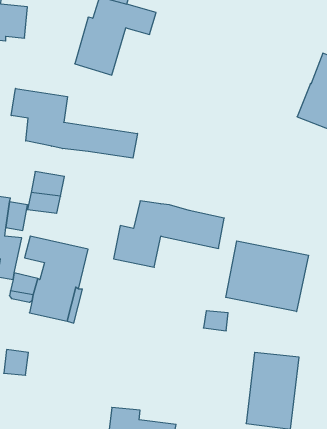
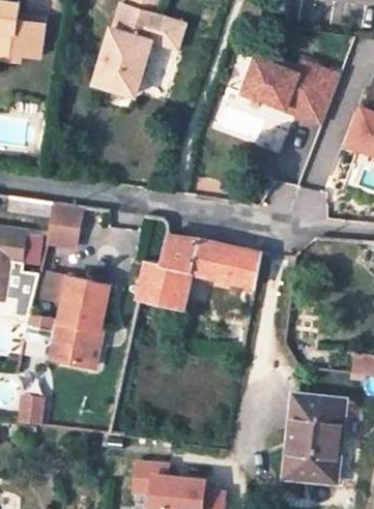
building: none -> [235,56,333,121]
building: [11,88,137,158] -> none
building: [226,241,308,312] -> none

